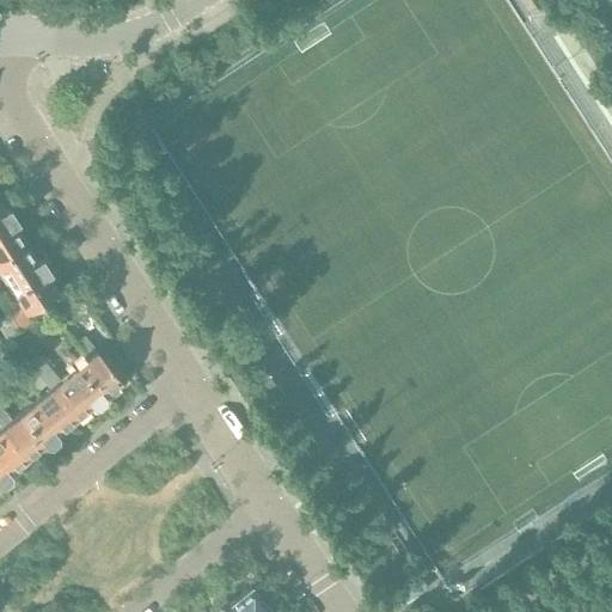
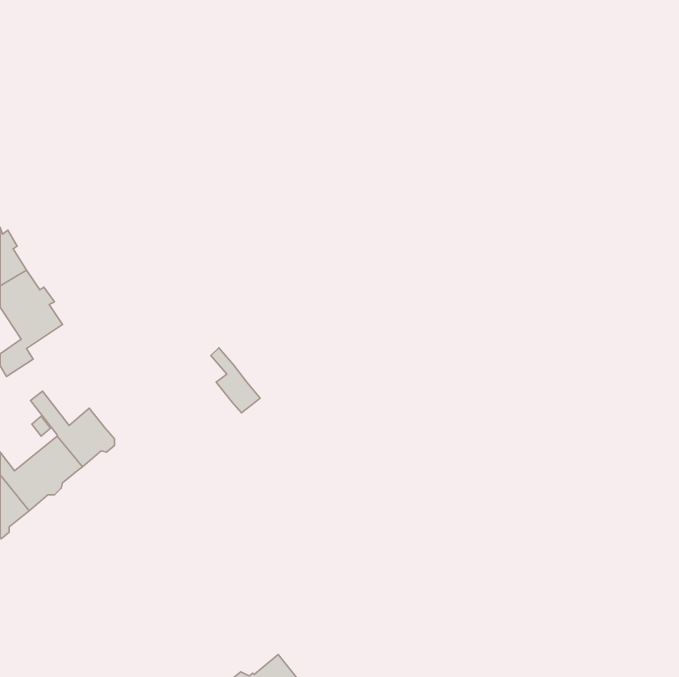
building: [76,338,121,397] -> [211,348,260,413]

